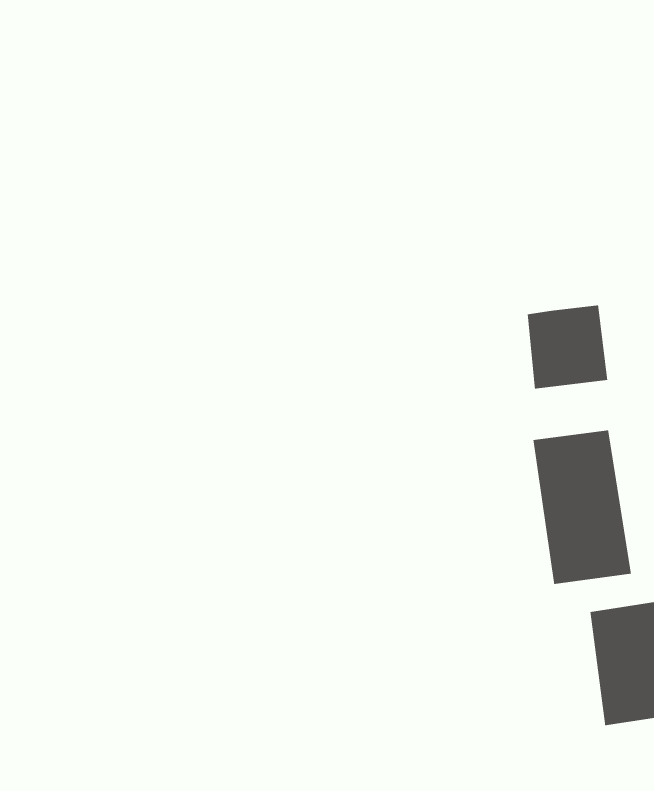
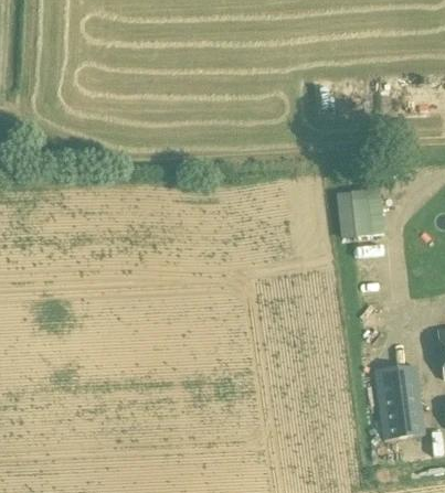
building: [532,430,632,585] -> none

